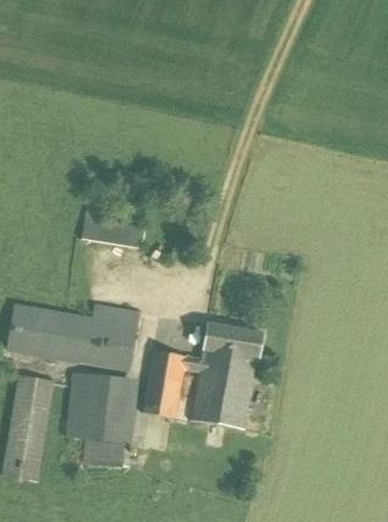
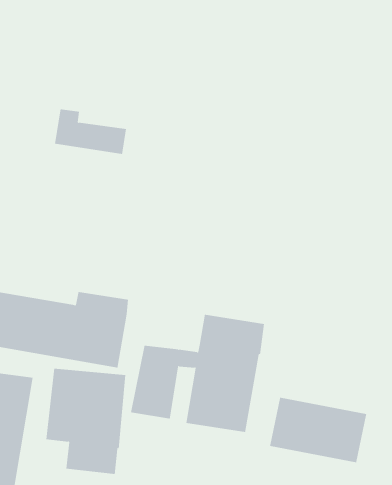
building: [81,207,146,248] -> [54,109,127,154]
building: none -> [269,397,367,463]

